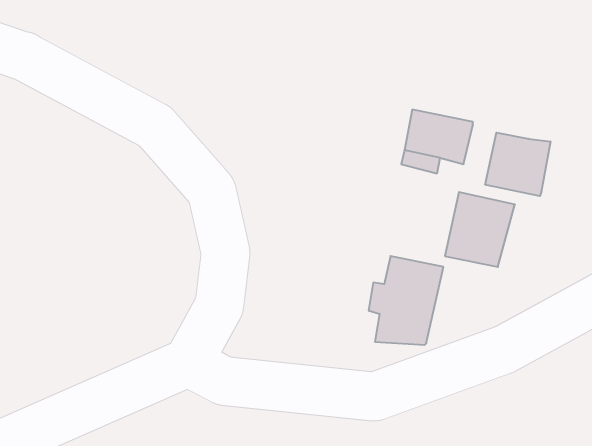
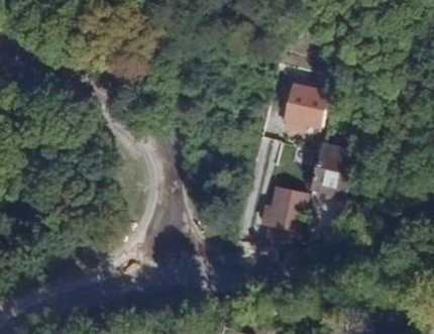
building: [485,133,550,196] -> none

